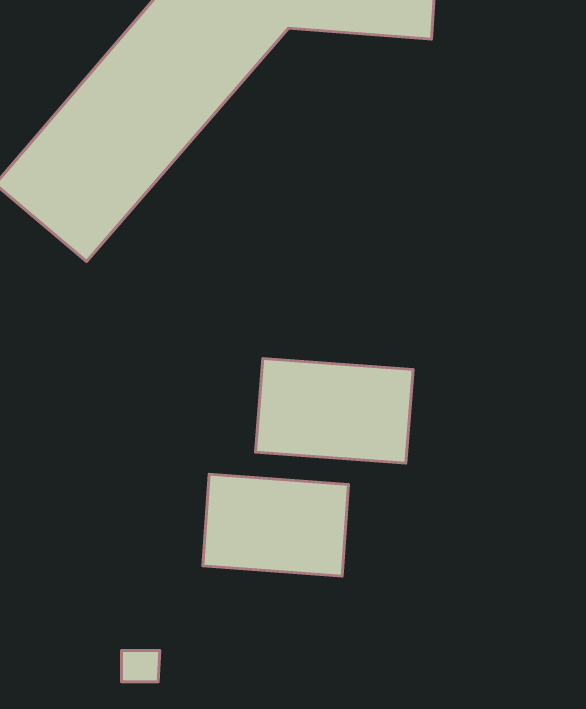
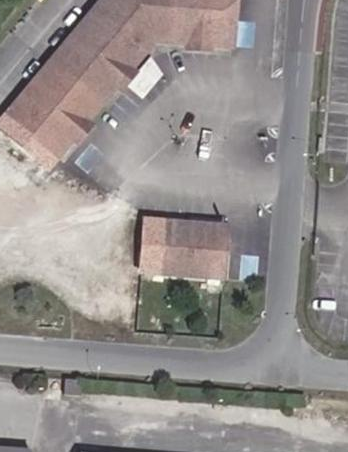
building: [203,474,349,576] -> none

